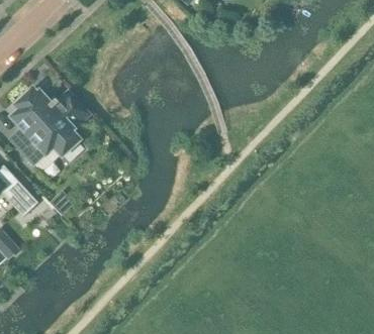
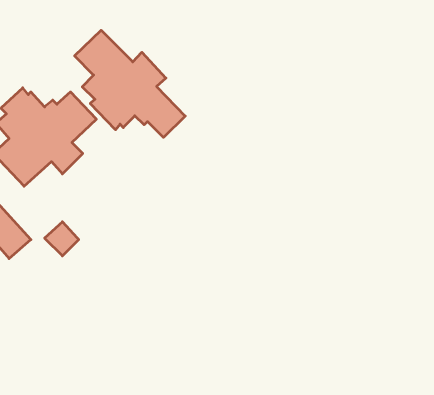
building: none -> [75,30,185,137]

